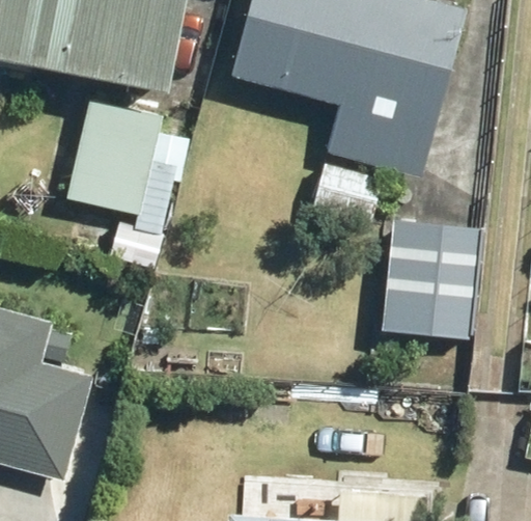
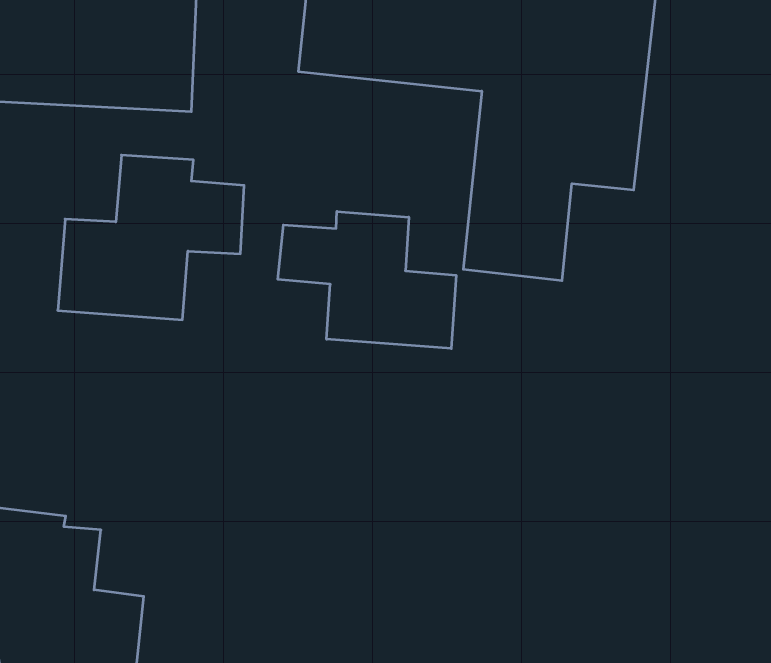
building: none -> [278,211,456,349]
building: [381,220,479,339] -> none

